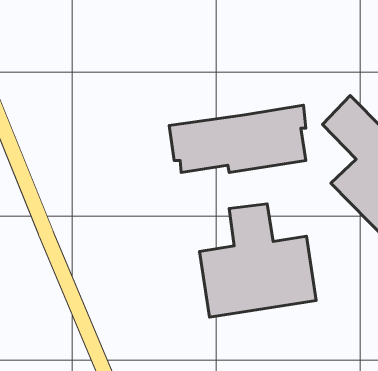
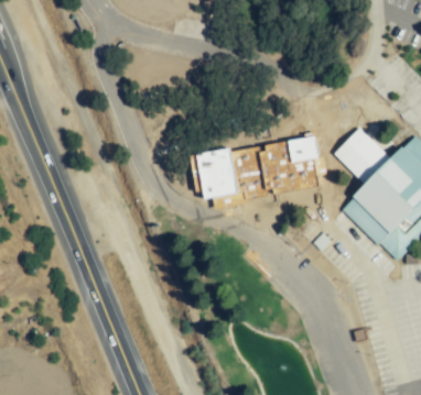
building: [200,204,316,317] -> none

